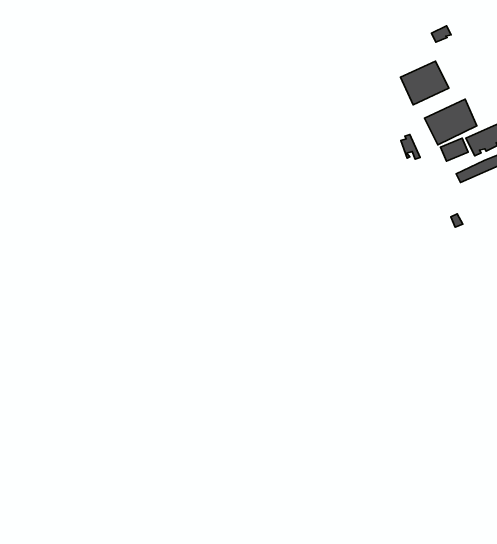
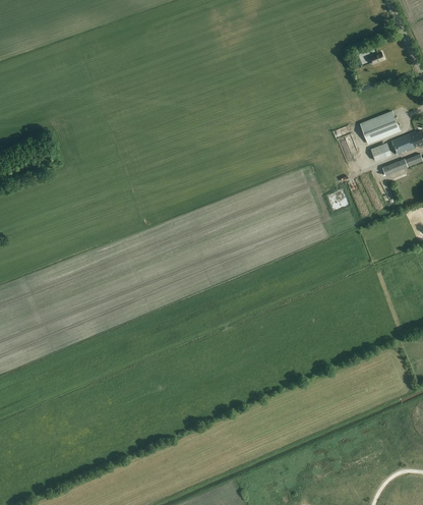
building: [400,61,449,105] -> none

